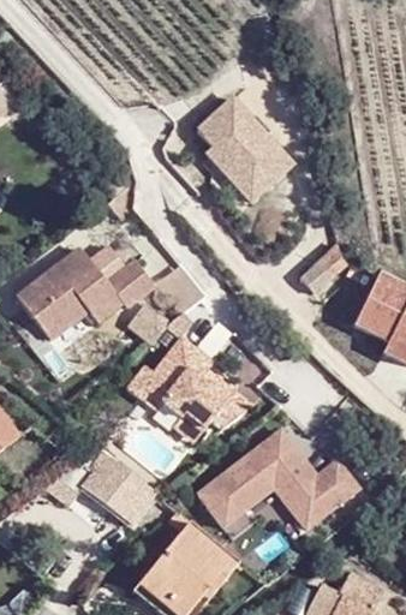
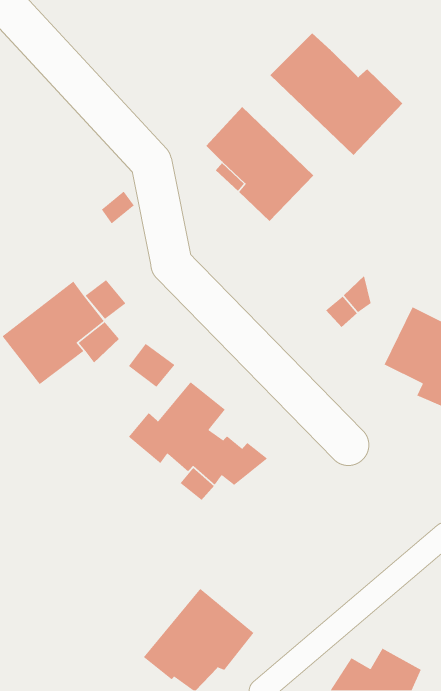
building: none -> [270,32,403,156]
building: [107,262,155,309] -> none
building: [201,428,362,527] -> none
building: [58,447,155,523] -> none

